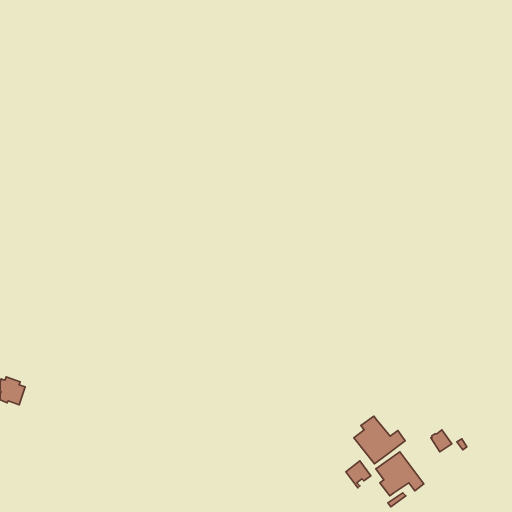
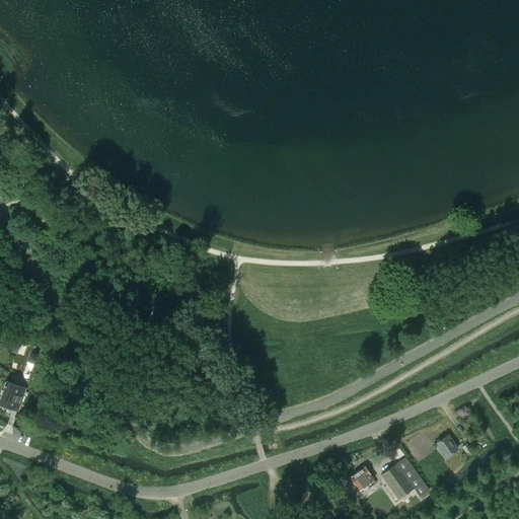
building: [354,416,405,464] -> none

